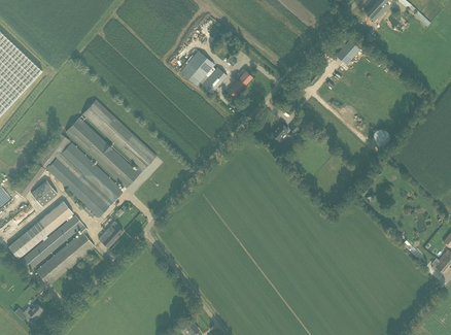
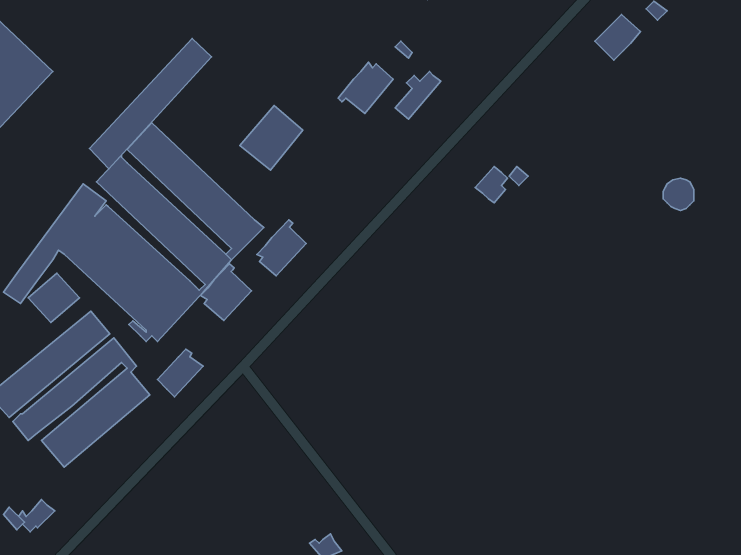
building: [179,49,213,85] -> [240,106,303,170]
building: none -> [90,39,212,169]
building: none -> [257,220,306,276]
building: none -> [201,264,251,321]

